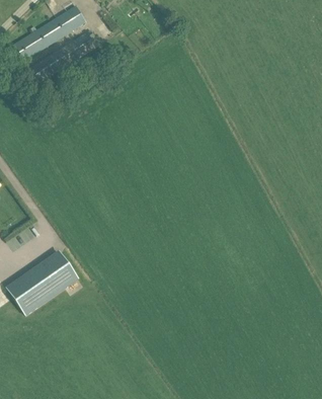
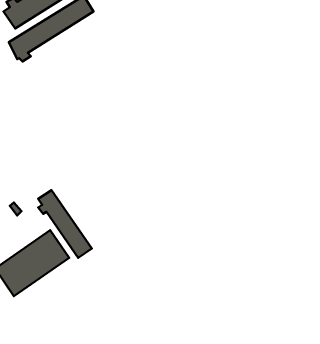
building: none -> [38,190,92,258]

